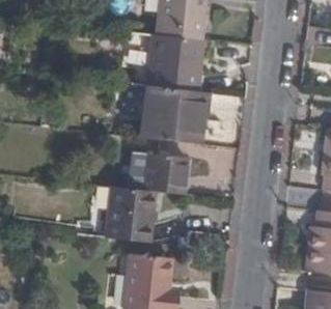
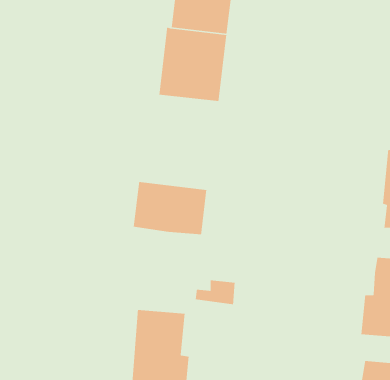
building: [142,88,205,145] -> none
building: [106,188,157,244] -> none

